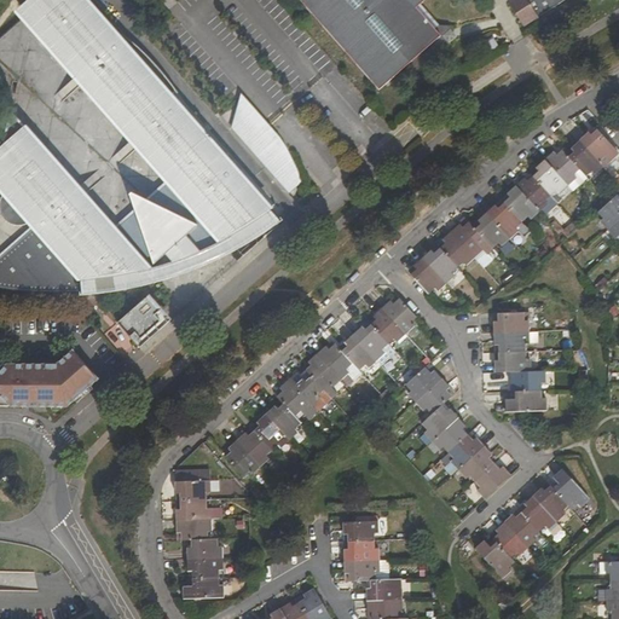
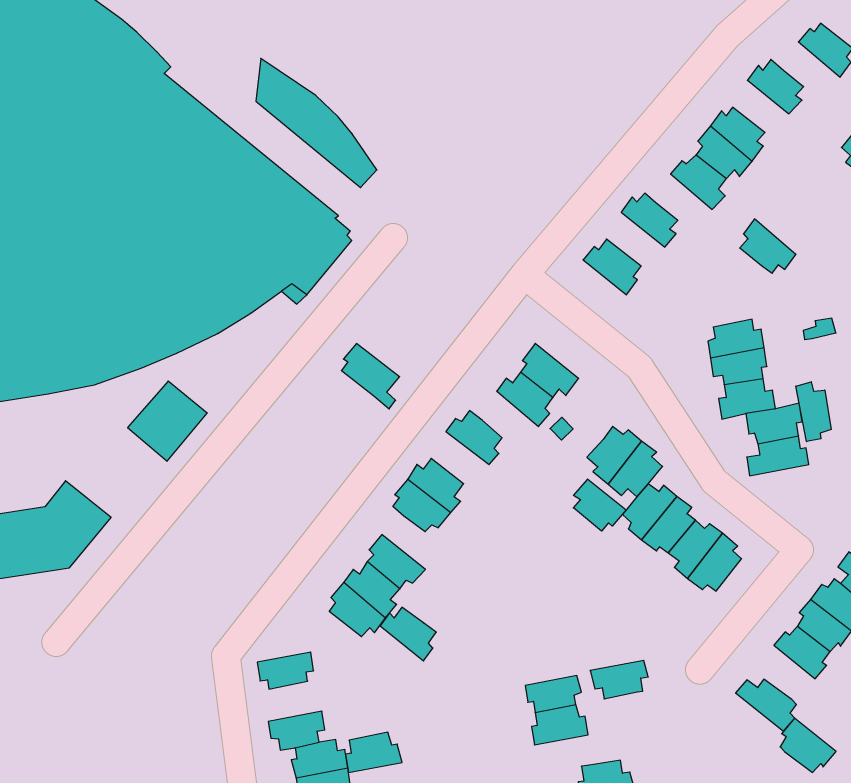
building: [568,140,603,177] -> none
building: [532,160,567,195] -> none
building: [474,212,509,248] -> [740,219,796,273]
building: [439,231,475,267] -> none
building: [409,258,446,294] -> none
building: [383,296,417,332] -> none
building: [342,332,377,369] -> none
building: [306,353,342,398] -> [341,344,400,409]
building: none -> [796,382,831,442]
building: none -> [573,479,626,531]
building: [267,403,302,439] -> [380,607,436,661]
building: [474,463,510,498] -> none
building: [177,498,212,520] -> [346,732,402,773]
building: [493,521,528,557] -> [780,718,836,772]
building: [343,560,380,580] -> [590,660,648,699]

